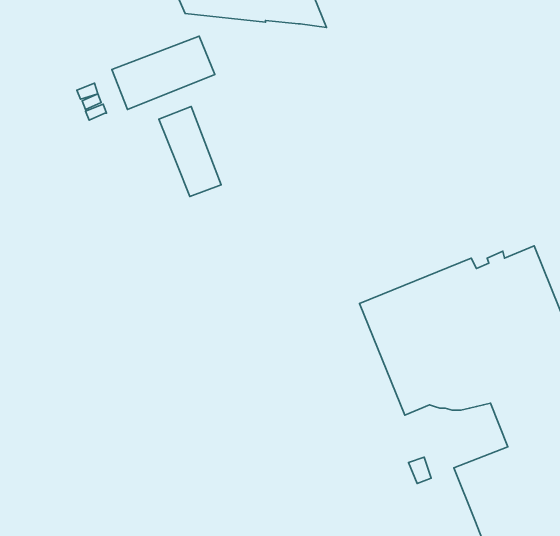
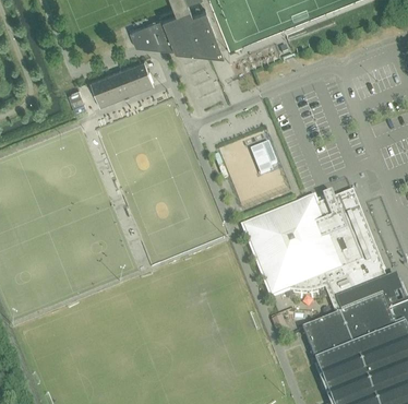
building: [159,106,221,196] -> none

